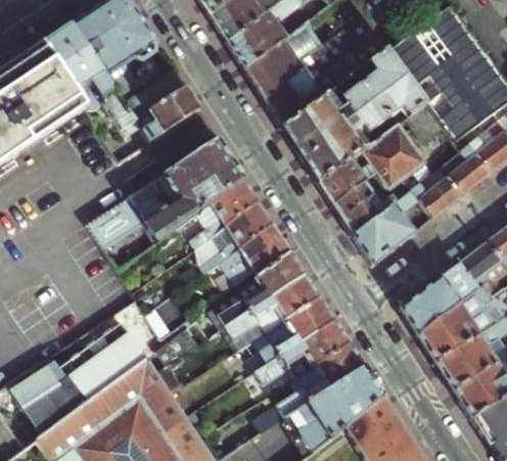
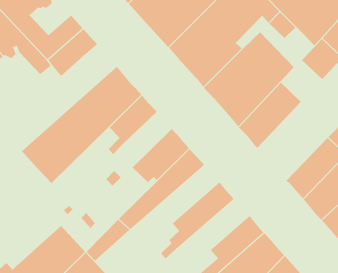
building: [412,167,462,217] -> none
building: [201,202,273,273] -> none
building: [227,275,321,348] -> none
building: [257,321,351,383] -> none

